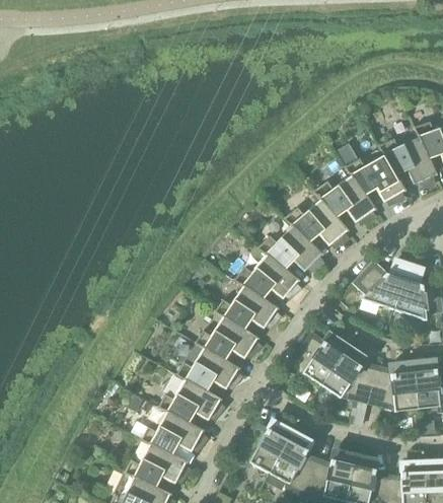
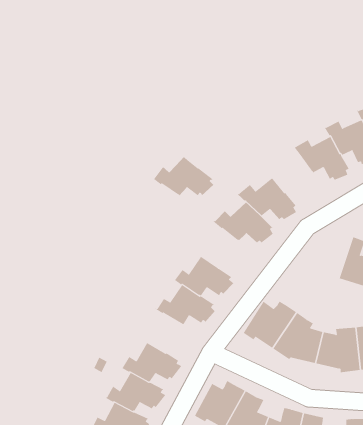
building: [314,175,378,223] -> none
building: [235,255,302,298] -> [152,156,214,196]
building: [357,260,411,309] -> none
building: [177,343,243,390] -> none

